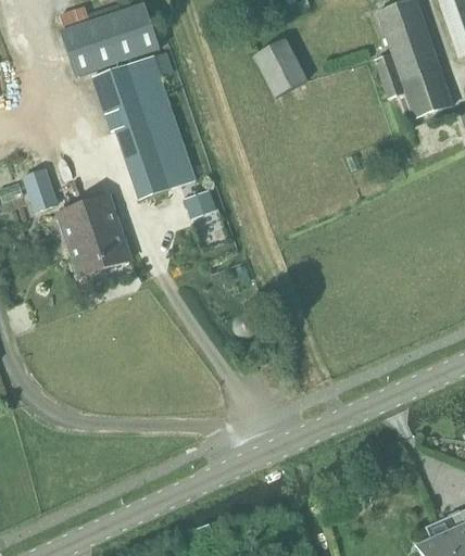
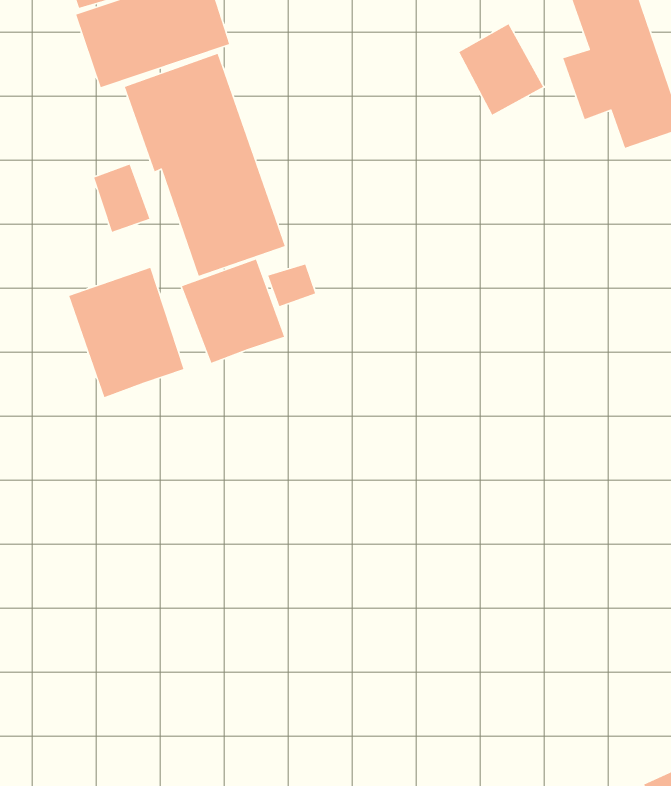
building: [253,37,309,97] -> [458,23,544,116]
building: [23,166,60,211] -> [93,164,150,233]
building: none -> [181,259,285,364]

